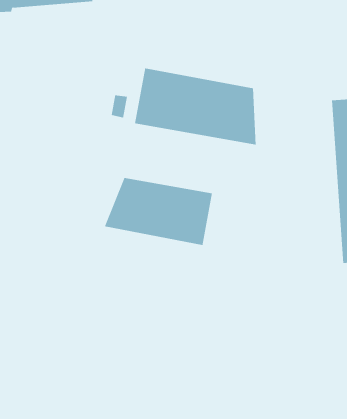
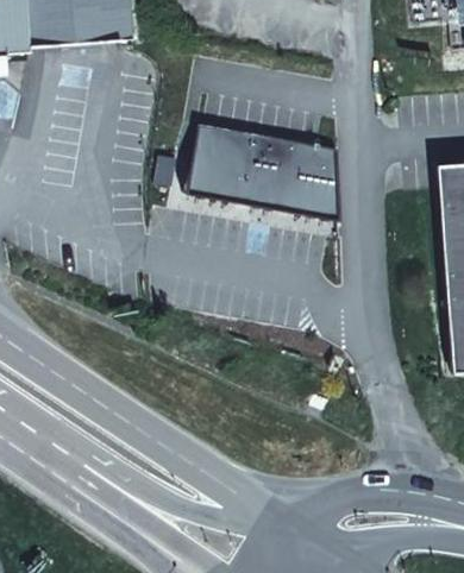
building: [104,177,213,246] -> none

